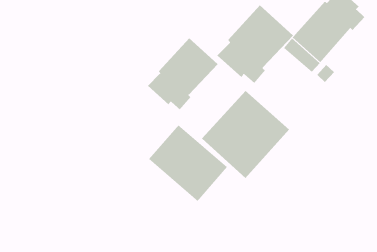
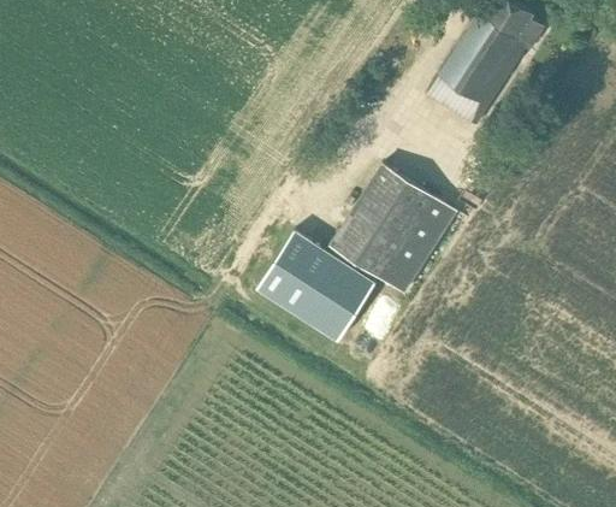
building: [216,5,294,84] -> none
building: [147,37,218,110] -> none

